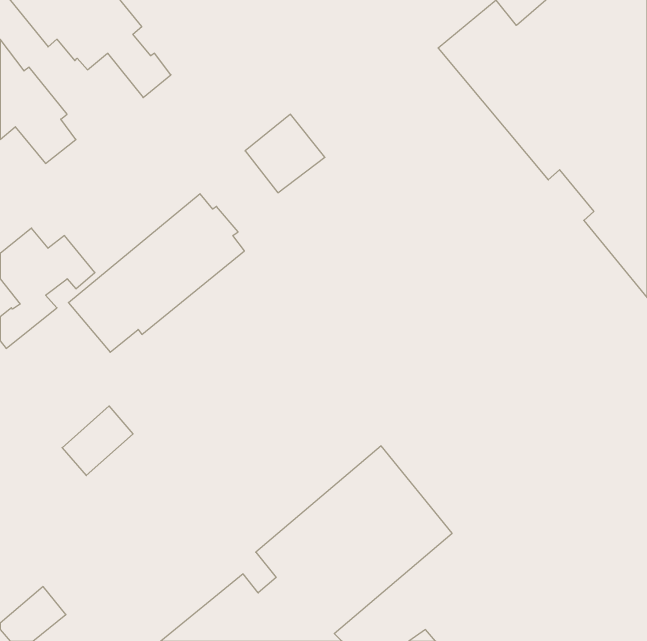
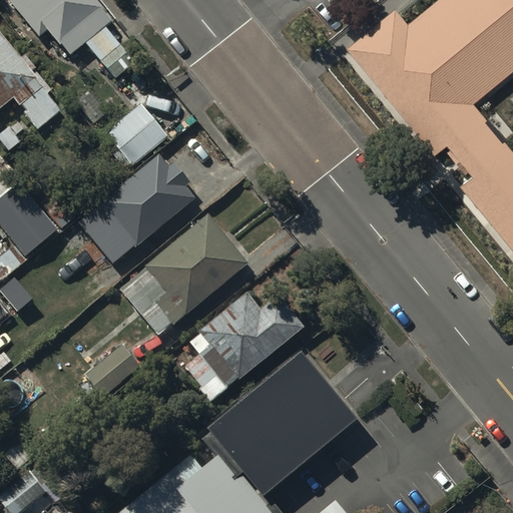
building: [245,114,325,193] -> [104,102,167,164]
building: none -> [122,214,247,334]
building: none -> [181,291,321,404]
building: [62,406,133,476] -> [85,342,141,397]

